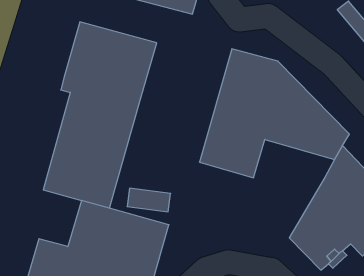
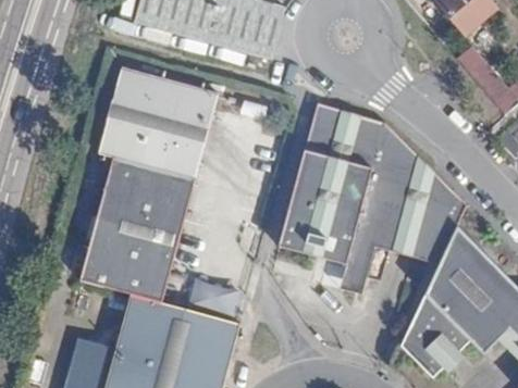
building: none -> [340,214,446,290]

